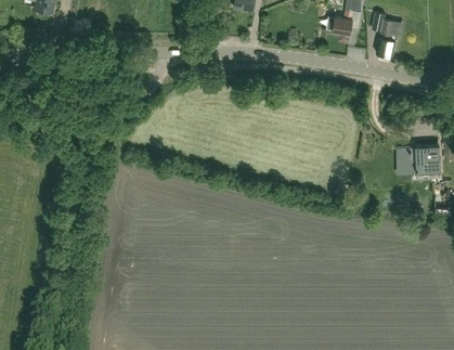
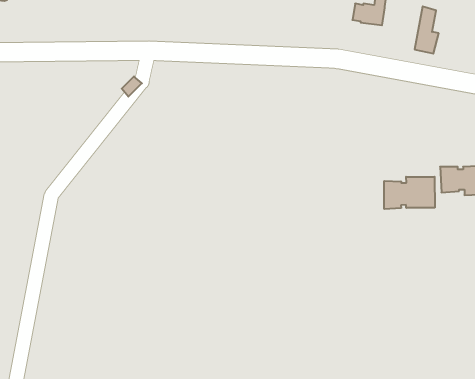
building: none -> [384,177,435,209]

